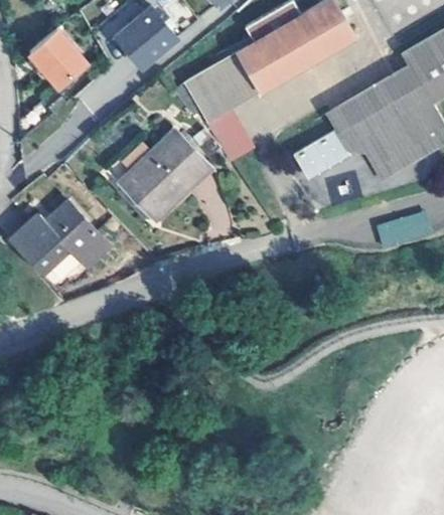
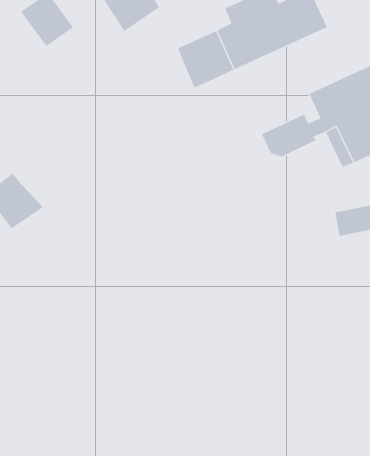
building: [184,72,253,161] -> none
building: [119,130,207,213] -> none
building: [44,203,110,267] -> none

